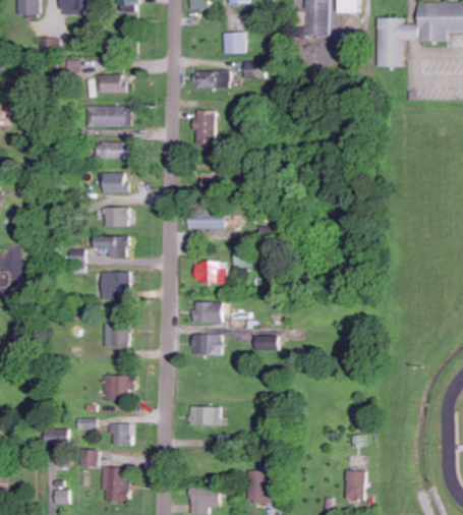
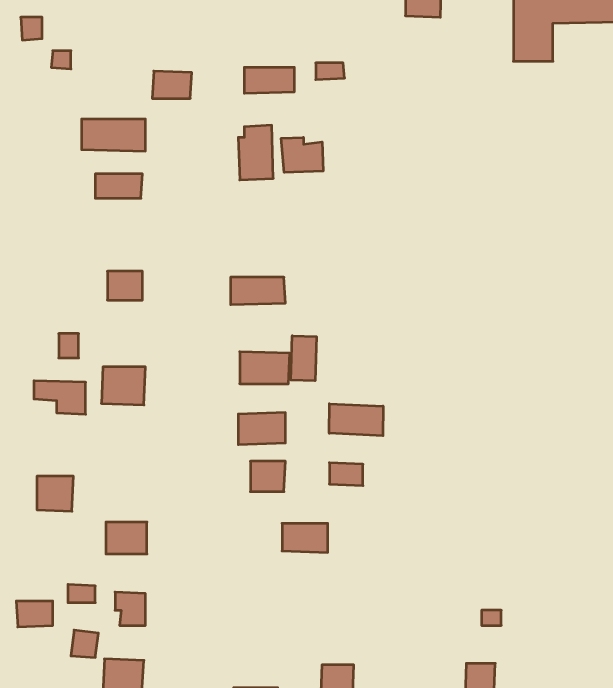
building: [223,32,247,54] -> none
building: [99,74,125,93] -> [152,71,192,98]
building: none -> [281,137,323,172]
building: [101,173,126,192] -> none
building: [92,236,126,259] -> [34,381,86,414]
building: none -> [291,336,316,381]
building: none -> [329,404,383,436]
building: [104,325,128,348] -> [37,476,73,511]
building: [188,406,219,425] -> [282,523,328,552]

